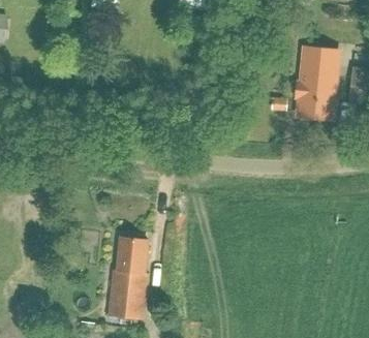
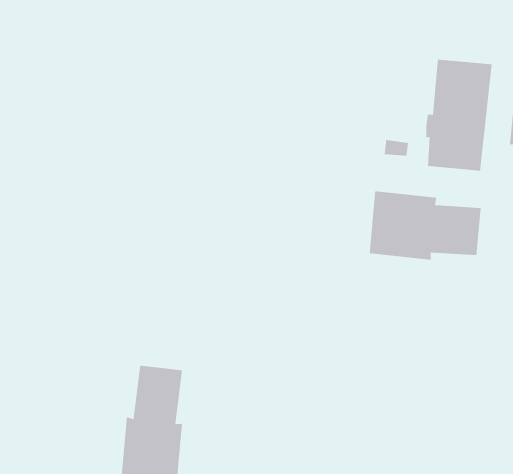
building: none -> [369,190,481,261]

